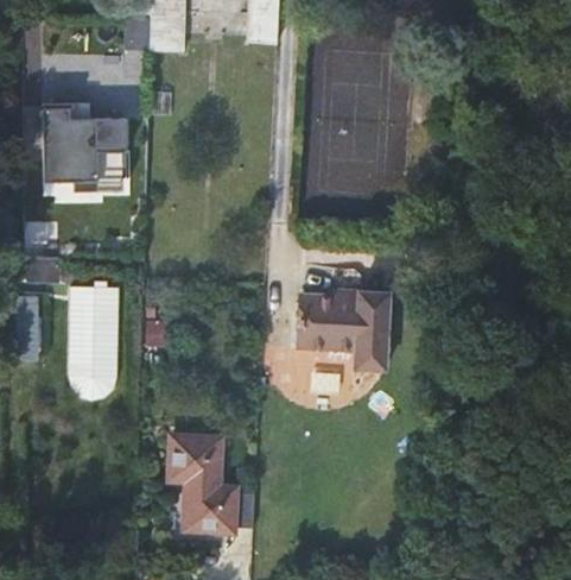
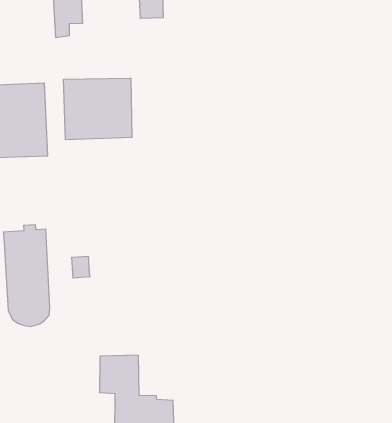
building: none -> [64,78,132,140]
building: [297,290,388,368] -> none

